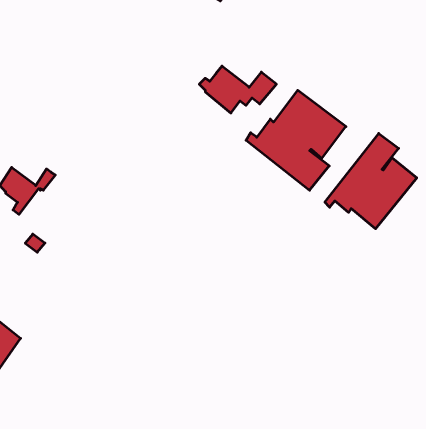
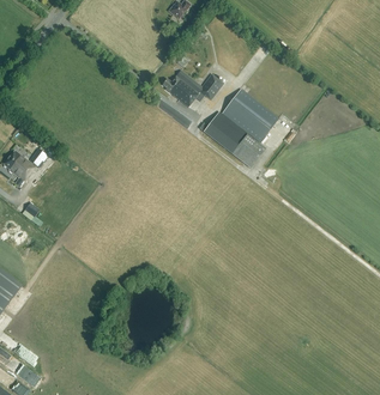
building: [325,133,417,229] -> none

